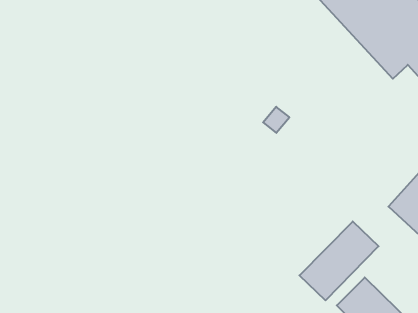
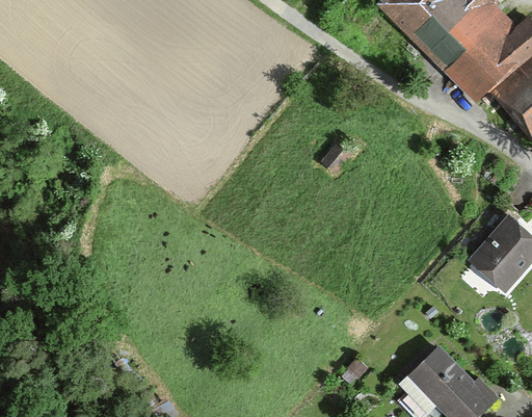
building: [299,221,379,300] -> none

